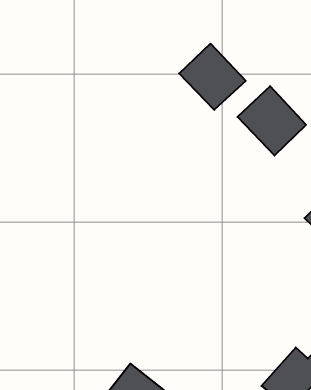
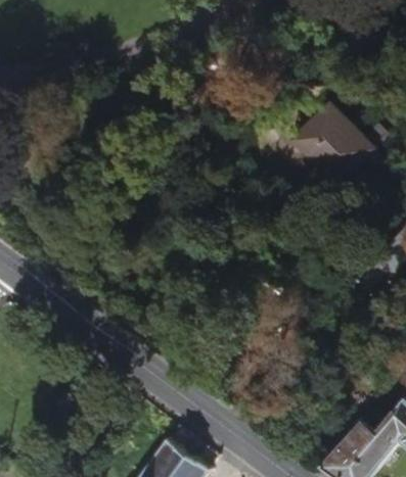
building: [179,44,246,110] -> none

